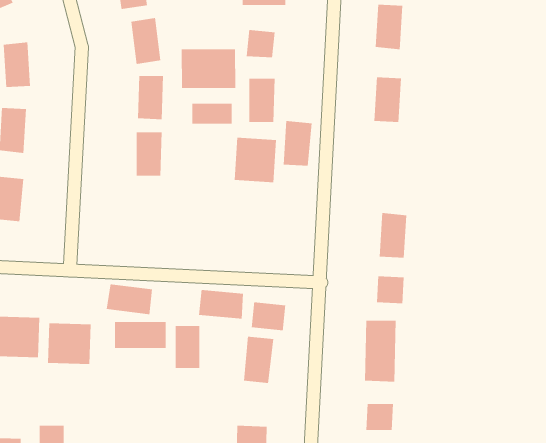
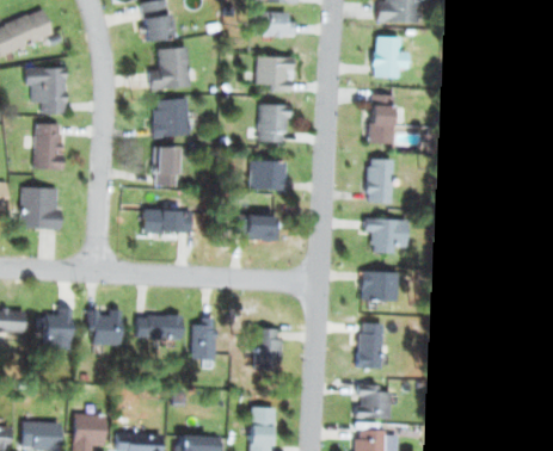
building: [181,49,236,89] -> none
building: [192,103,232,124] -> none
building: [283,121,312,166] -> [364,161,391,202]
building: [106,284,153,315] -> [146,209,188,236]
building: [198,290,244,319] -> [235,215,276,241]
building: [251,302,286,331] -> none

